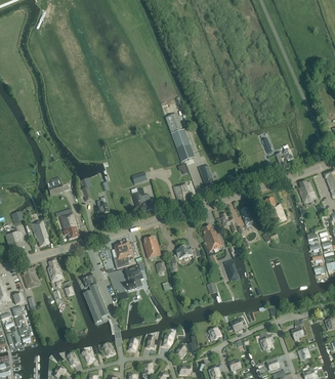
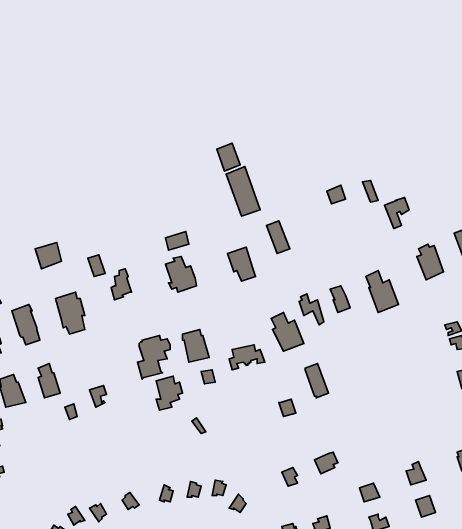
building: [84,284,109,322] -> none

